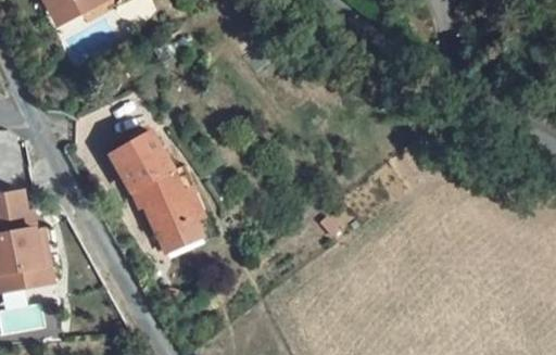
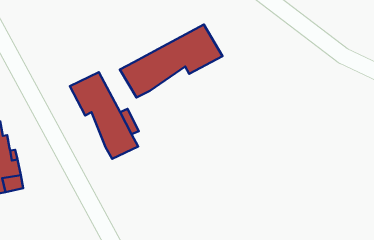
building: none -> [120,25,222,97]

